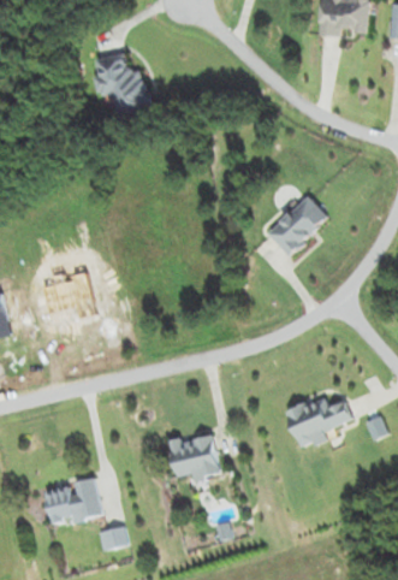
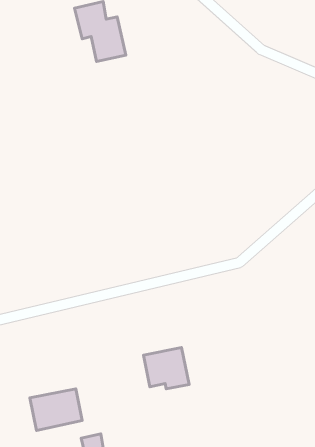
building: [268,195,328,255] -> none
building: [285,395,352,449] -> none

